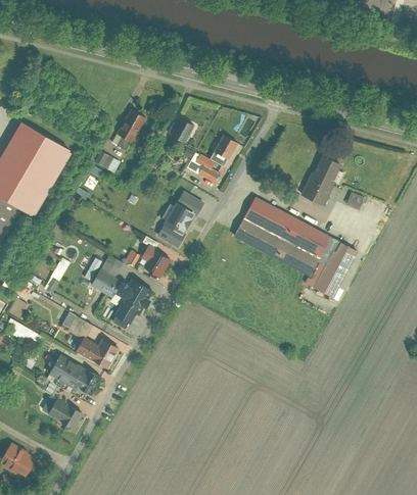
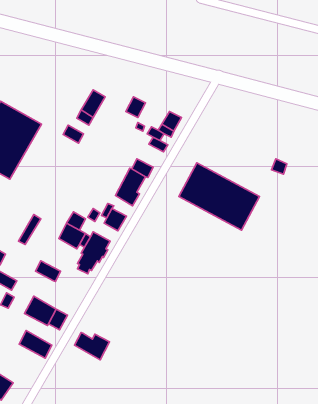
building: [300,156,340,206] -> none
building: [305,237,357,298] -> none
building: [76,337,118,369] -> [74,332,110,360]

